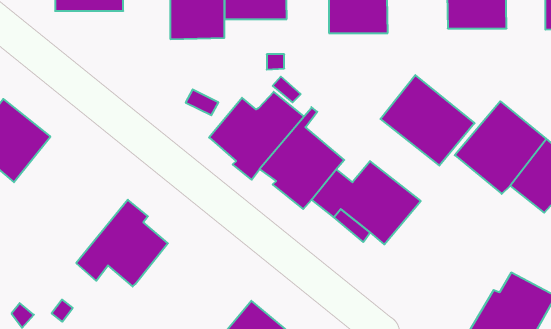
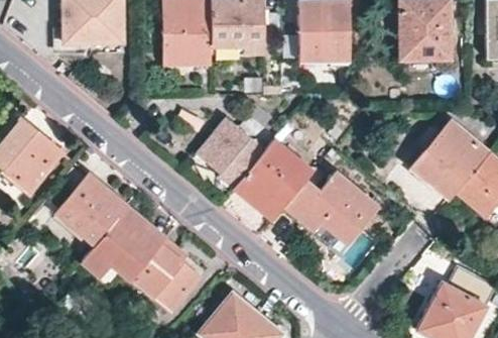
building: [380,75,475,166] -> none
building: none -> [56,174,123,245]
building: none -> [133,238,201,311]

